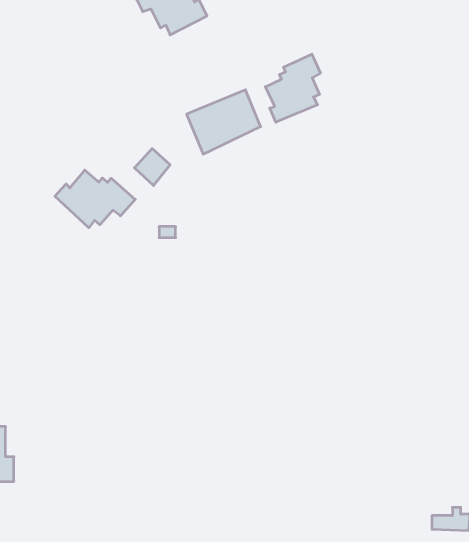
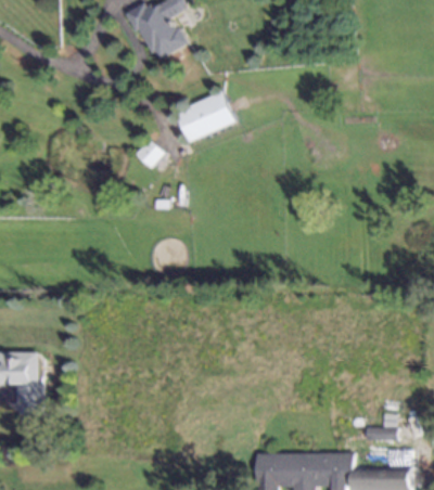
building: [265,54,320,122] -> none
building: [55,170,135,228] -> none

